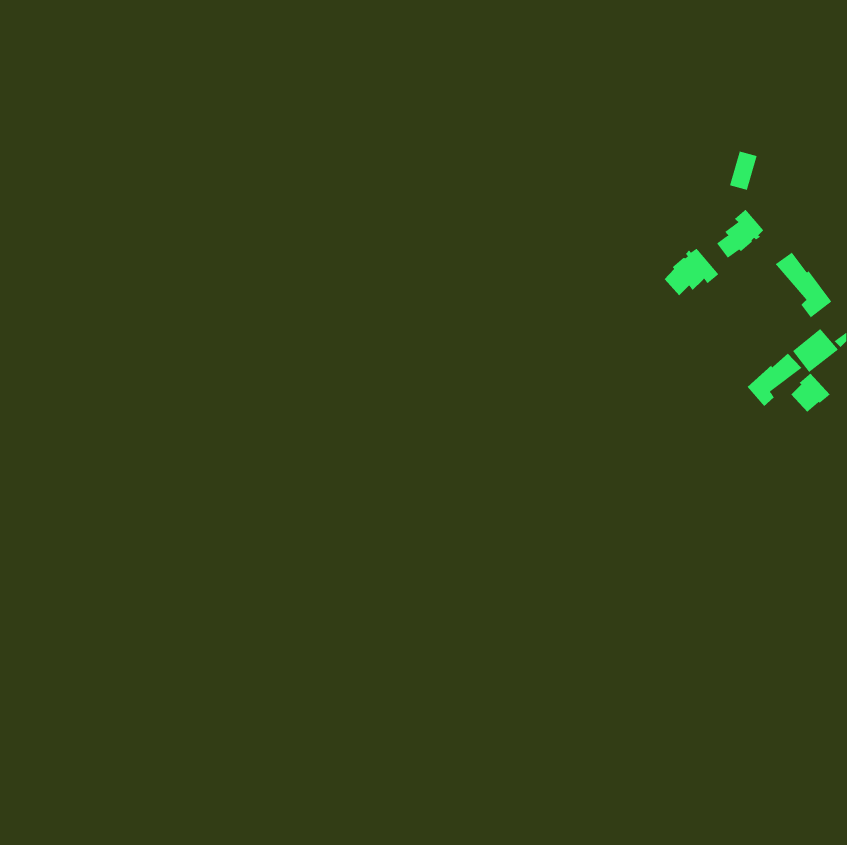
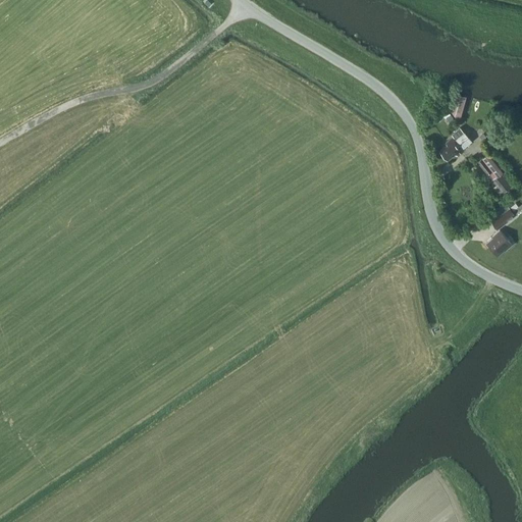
building: [664,248,719,296] -> none
building: [747,353,803,407] -> none

